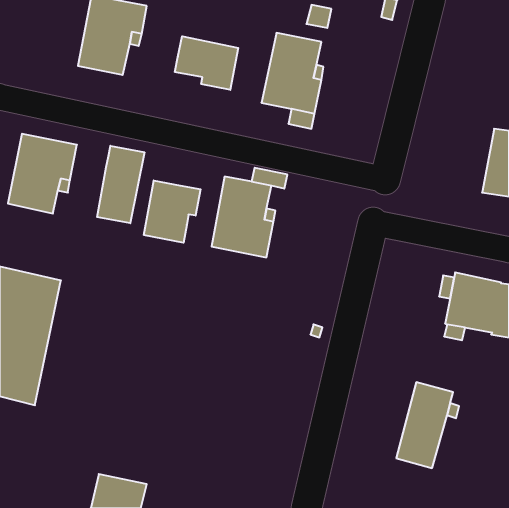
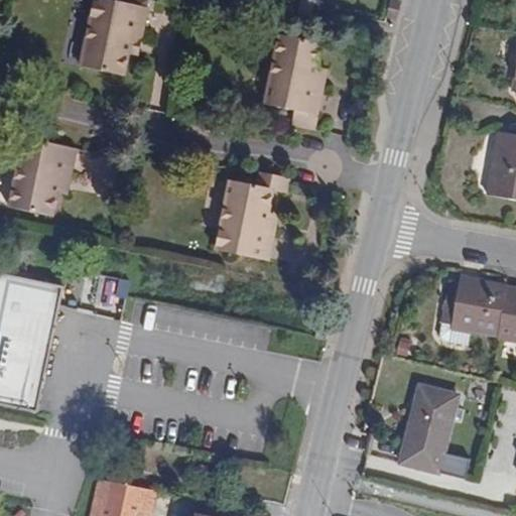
building: [175,36,238,90] -> none
building: [97,146,144,223] -> none
building: [144,180,201,243] -> none

